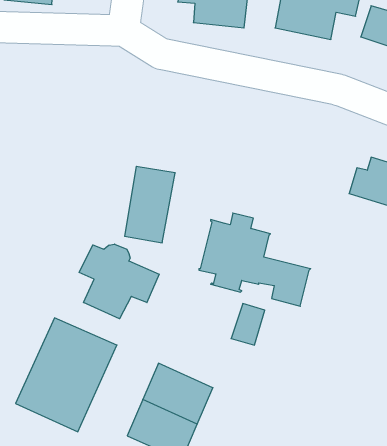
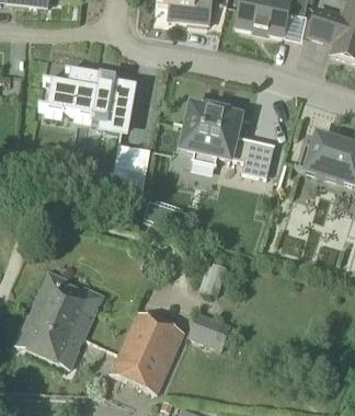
building: none -> [43,70,130,131]
building: [199,213,311,306] -> [181,100,275,178]
building: [79,244,159,319] -> none
building: none -> [187,310,232,350]

